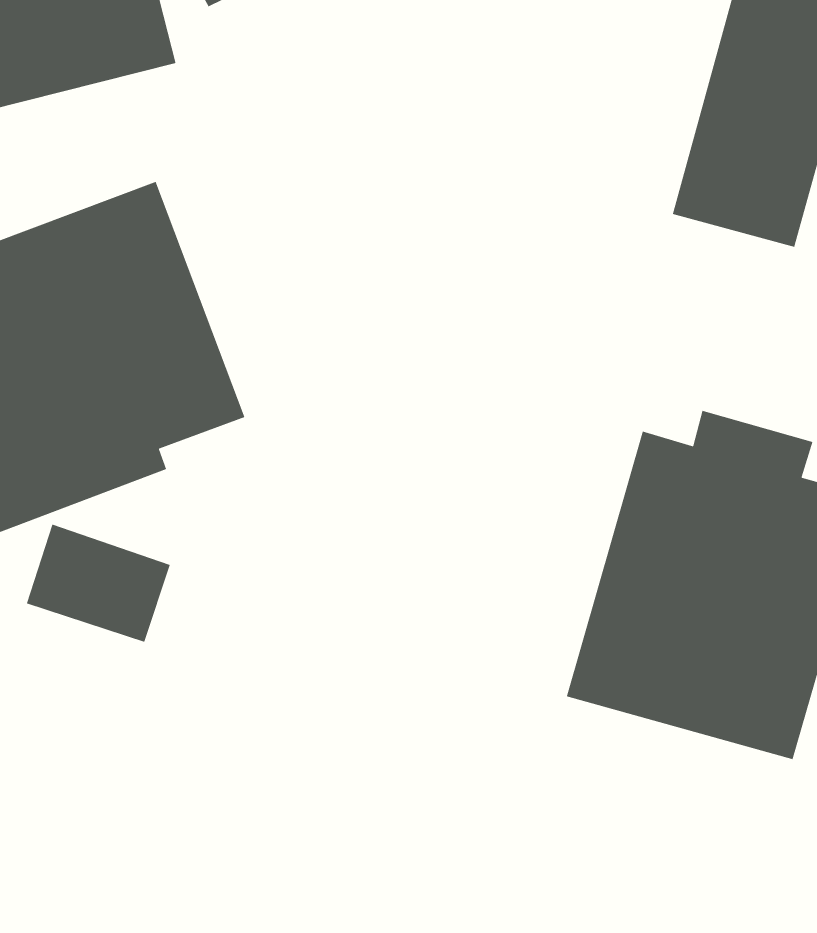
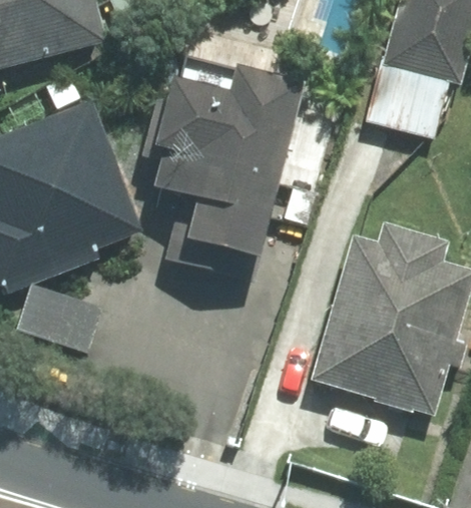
building: none -> [155,73,300,255]

